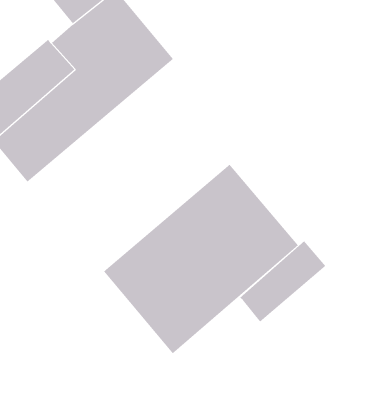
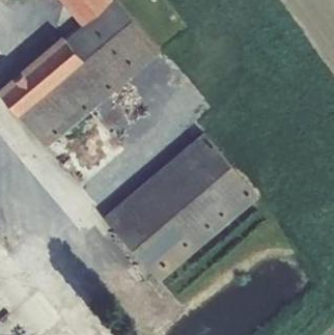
building: [239,240,326,322] -> none

